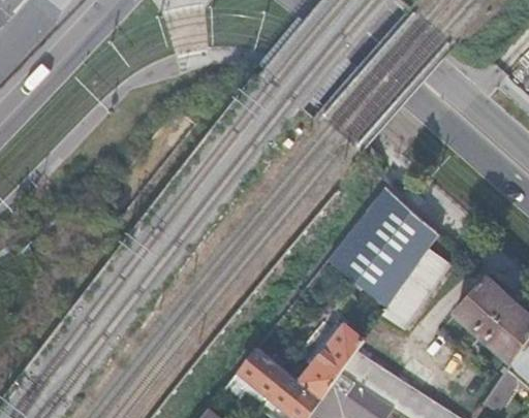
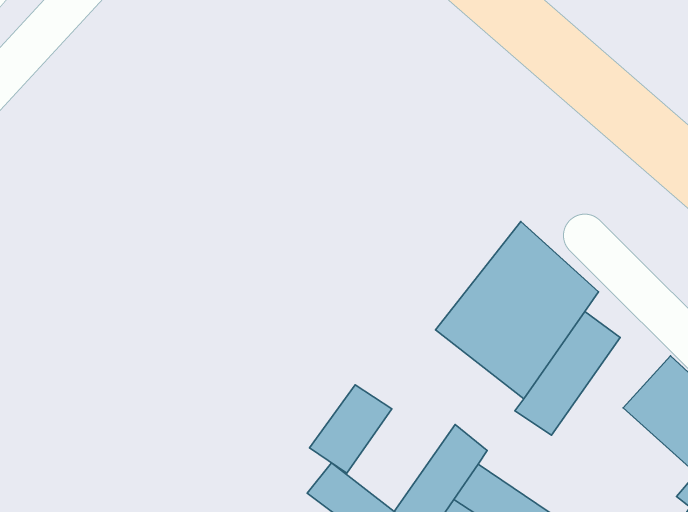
building: none -> [310,385,392,473]

